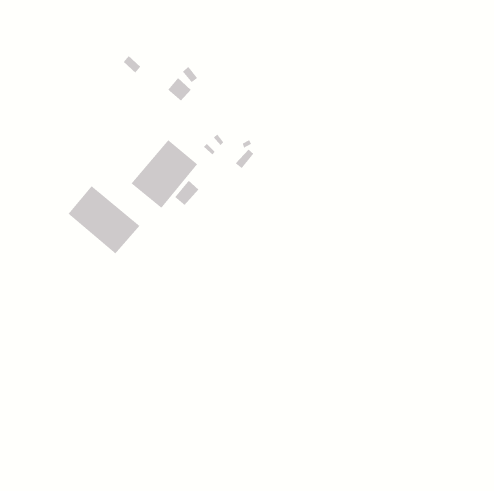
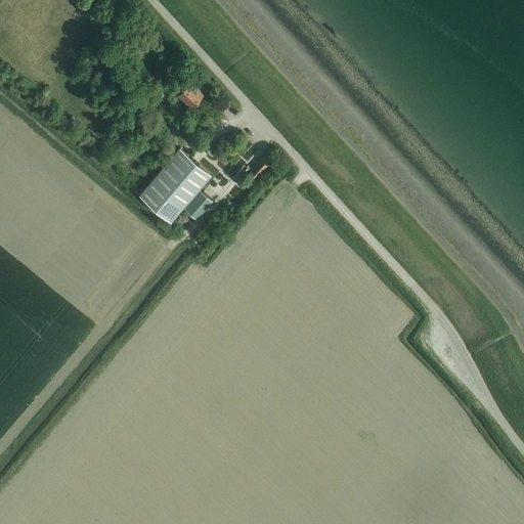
building: [67,185,141,255] -> none

